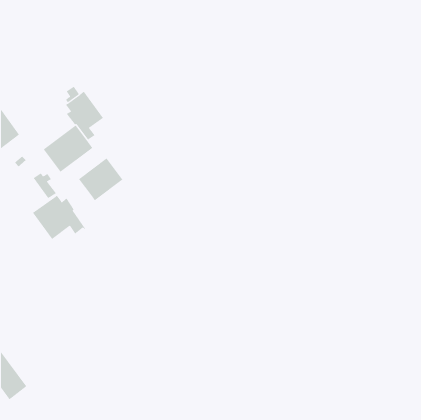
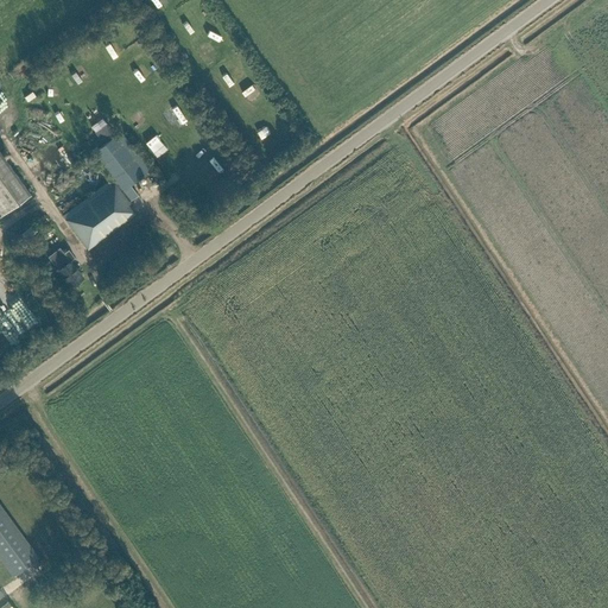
building: [78,158,123,201] -> none
building: [32,195,86,240] -> none

